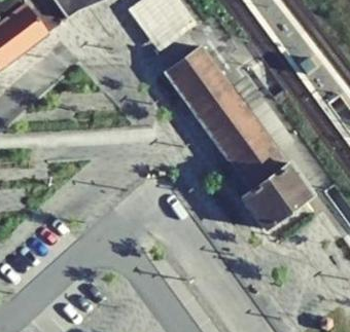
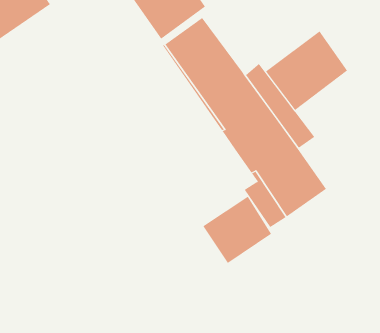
building: none -> [265,30,348,111]
building: none -> [202,196,272,264]

